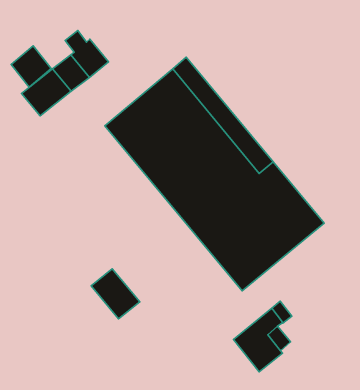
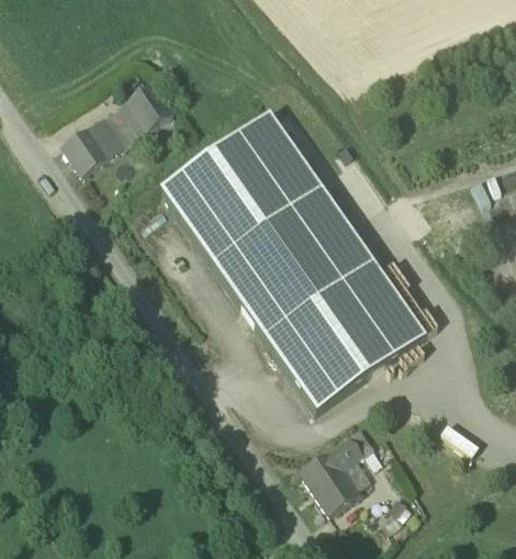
building: [11,46,51,87] -> none
building: [91,269,140,319] -> none

